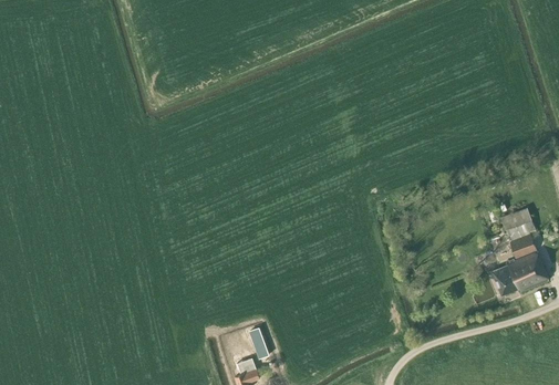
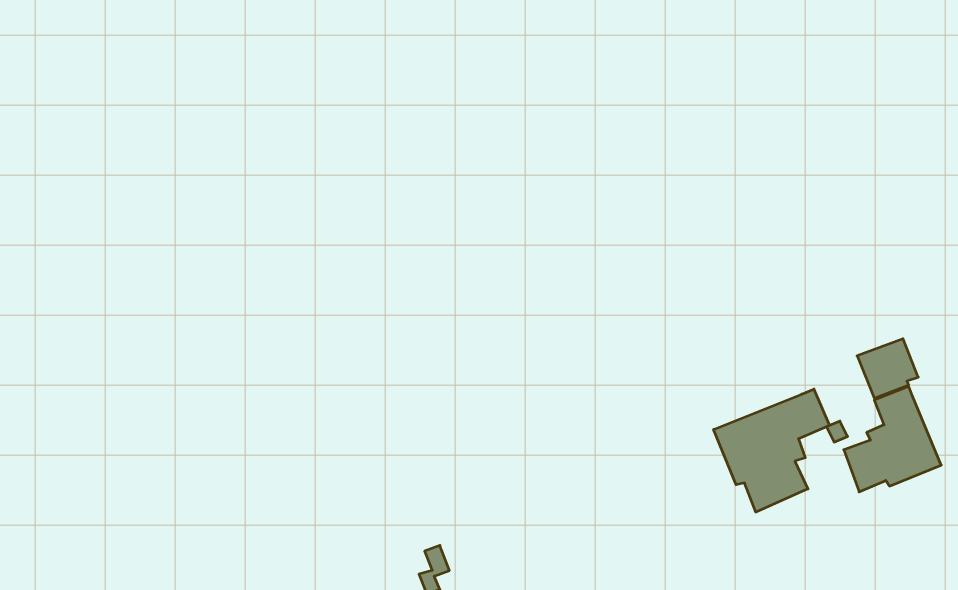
building: none -> [714,389,830,512]

